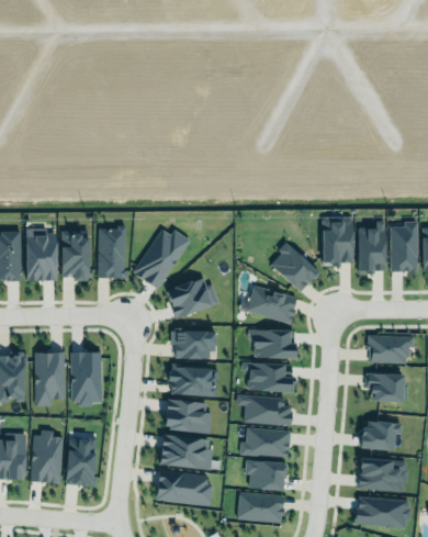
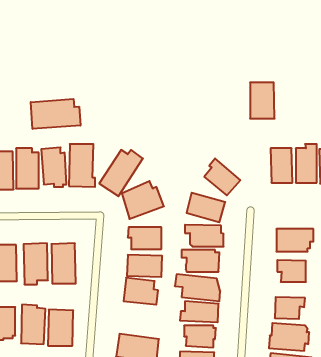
building: none -> [31,99,80,129]
building: [323,219,354,266] -> [250,82,275,119]
building: [160,432,212,470] -> none

